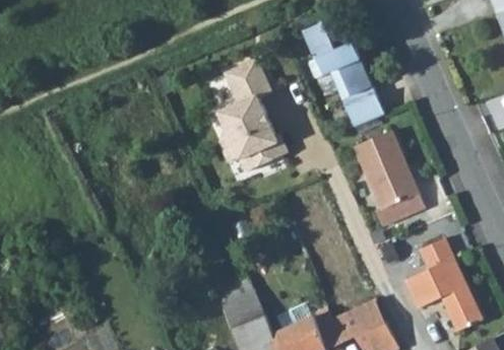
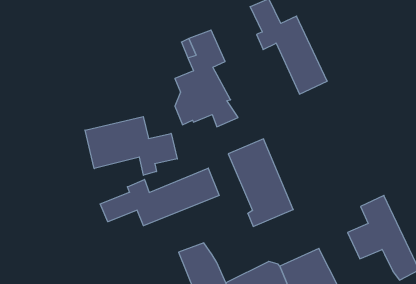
building: [353,129,424,224] -> [228,139,293,226]
building: none -> [85,117,177,175]
building: none -> [100,168,219,226]

